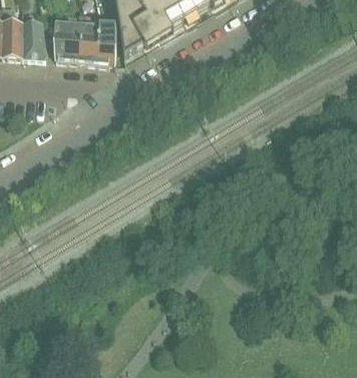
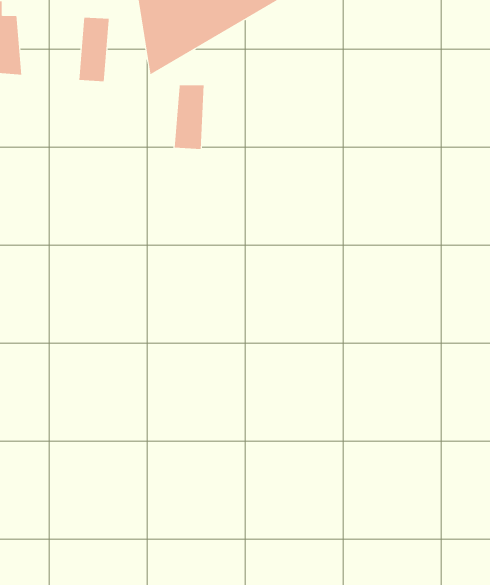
building: [53,18,82,59] -> none
building: [95,21,114,61] -> [174,85,205,150]

